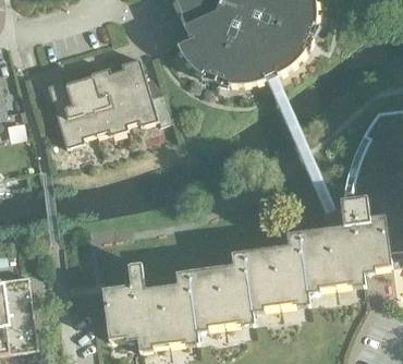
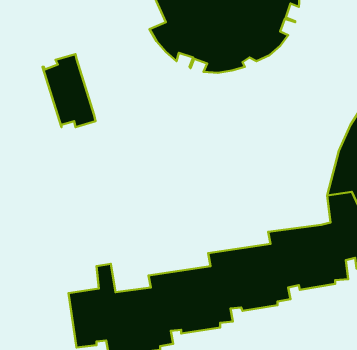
building: [109,59,171,126] -> none
building: [46,81,95,149] -> none

